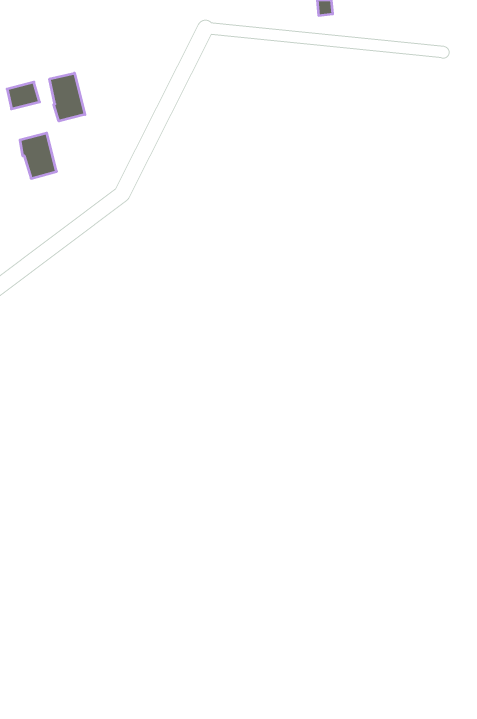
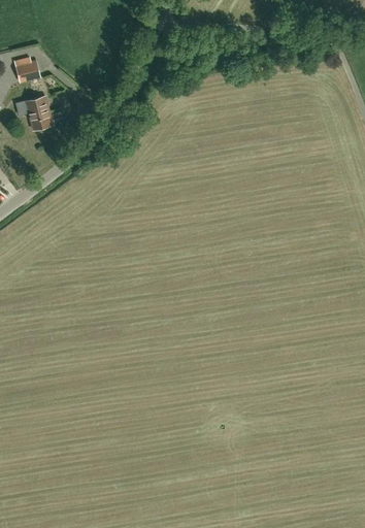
building: [50,73,85,121] -> none

